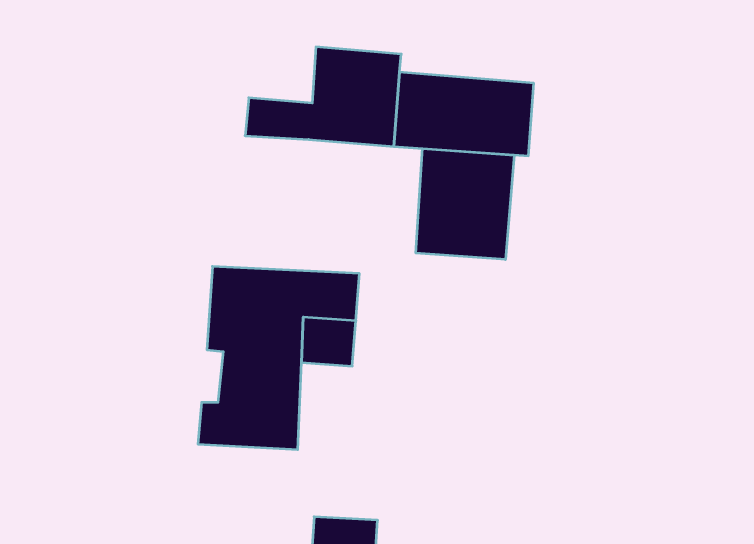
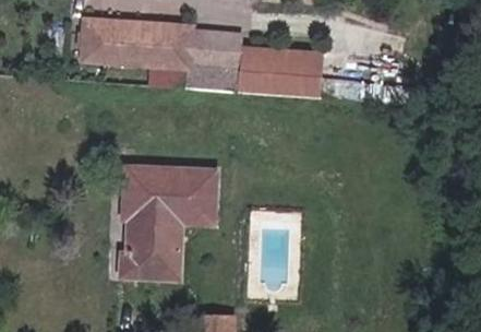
building: none -> [82,19,190,64]
building: [416,149,514,260] -> none

